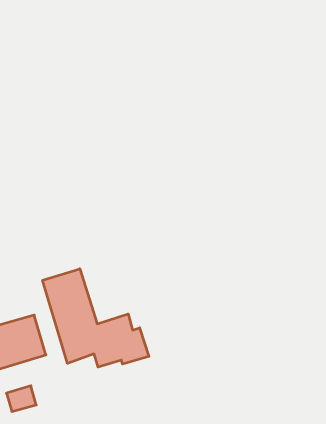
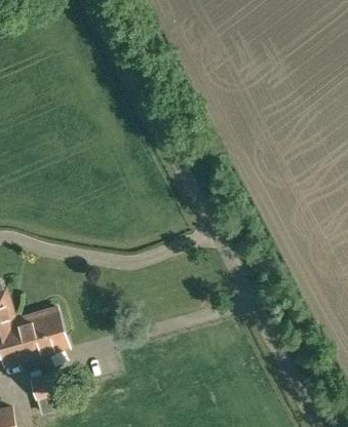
building: [43,269,149,367] -> none

